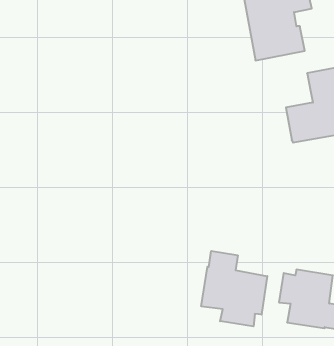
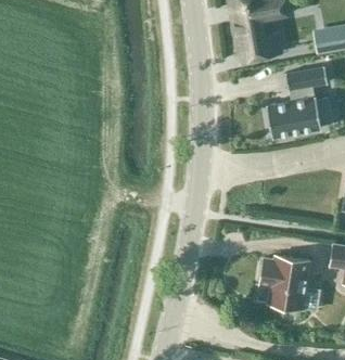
building: [201,251,267,326] -> none

